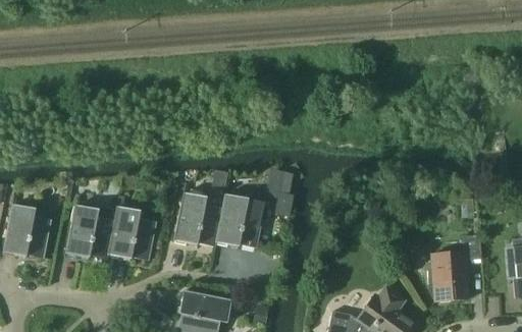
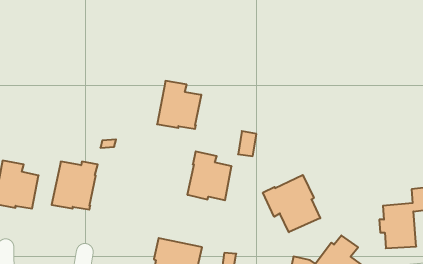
building: [174,192,223,245] -> [157,81,201,129]
building: [108,206,157,260] -> none
building: none -> [263,175,320,232]

